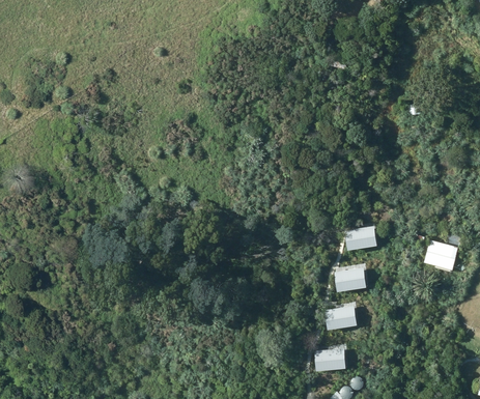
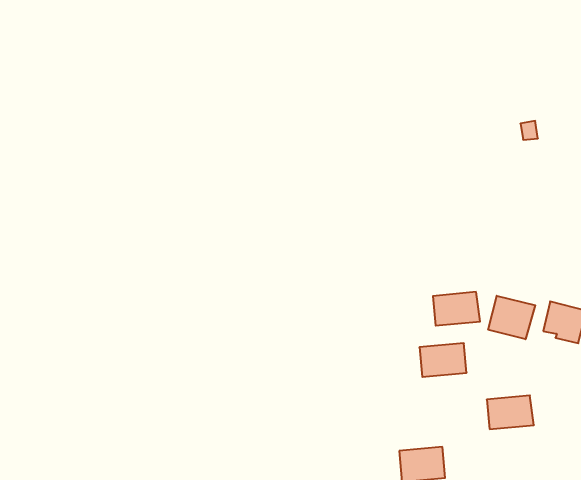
building: none -> [488,296,535,339]
building: [320,305,357,331] -> [487,395,534,429]

